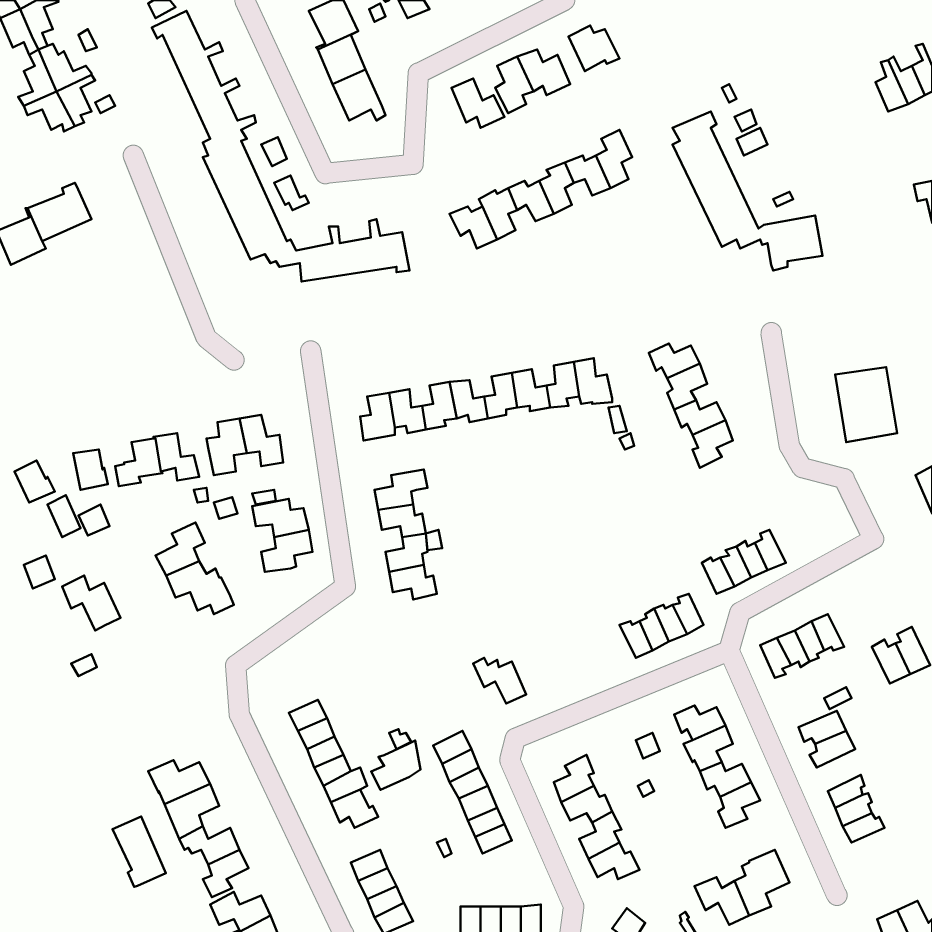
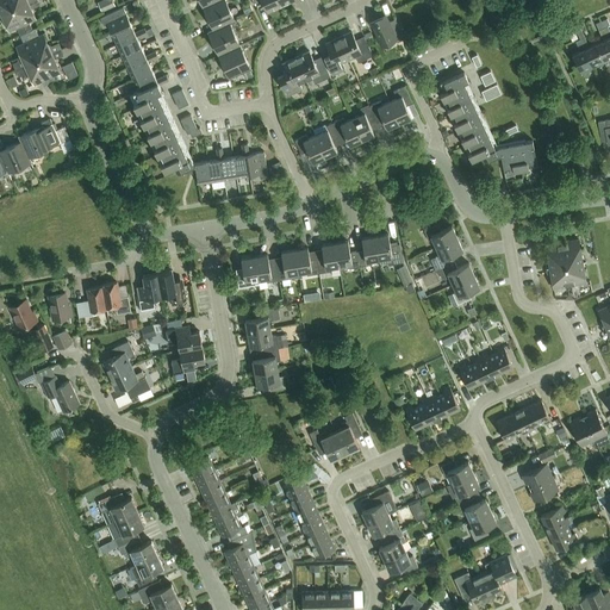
building: none -> [279,58,304,98]
building: none -> [334,413,359,454]
building: [371,740,421,790] -> [223,531,255,564]
building: [113,817,166,887] -> none

